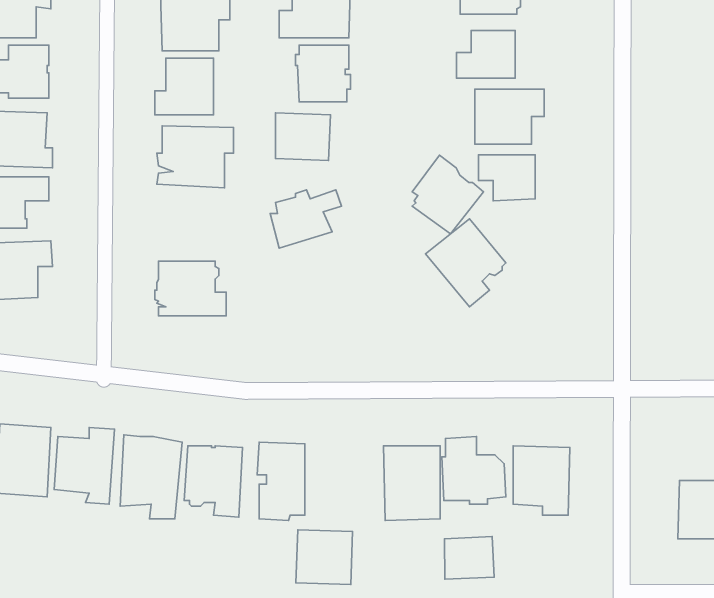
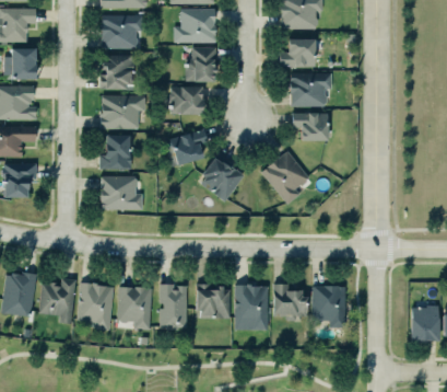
building: [412,155,483,234] -> [201,152,244,199]
building: none -> [99,135,132,170]
building: [296,530,353,585] -> [197,286,231,319]
building: [444,537,494,579] -> none

